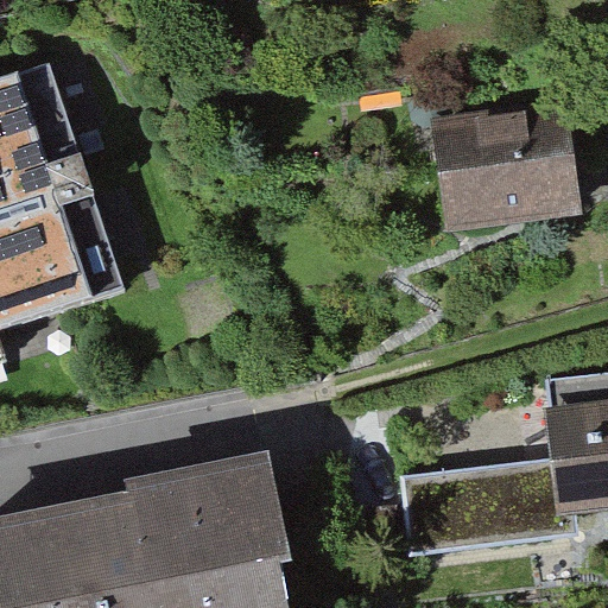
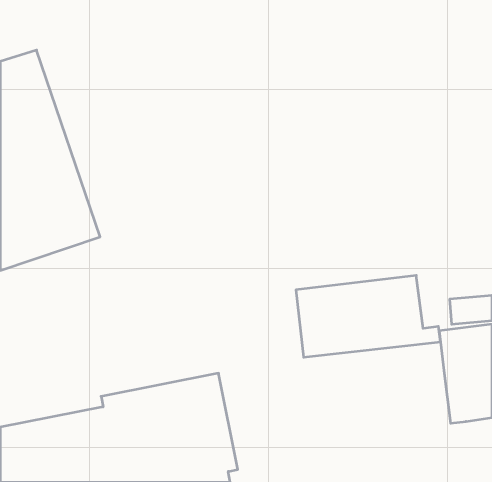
building: [432,99,583,234] -> none
building: [399,457,577,558] -> [296,275,440,357]

